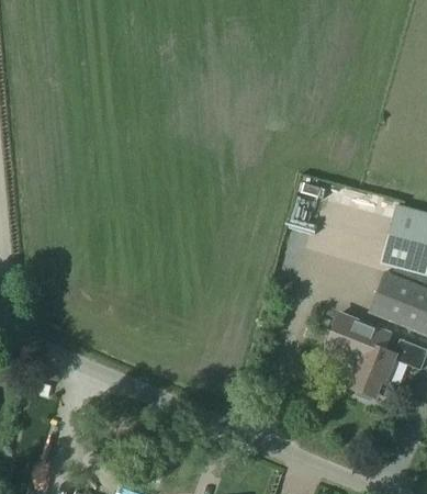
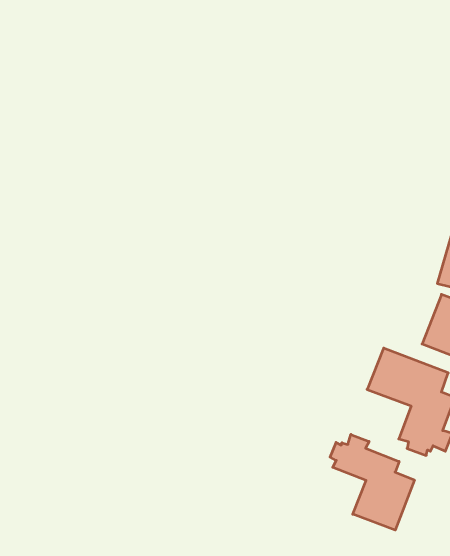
building: none -> [330,434,414,530]

